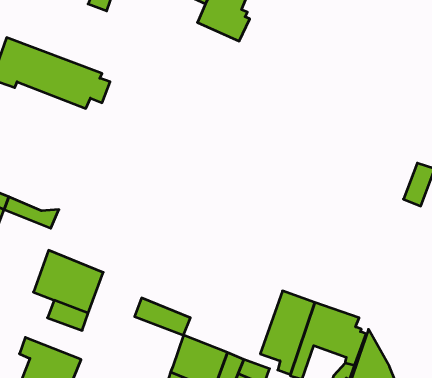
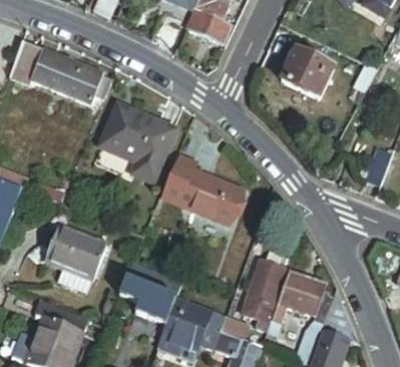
building: none -> [281,49,334,99]
building: none -> [103,104,176,177]
building: none -> [159,157,242,226]
building: none -> [120,278,175,324]

